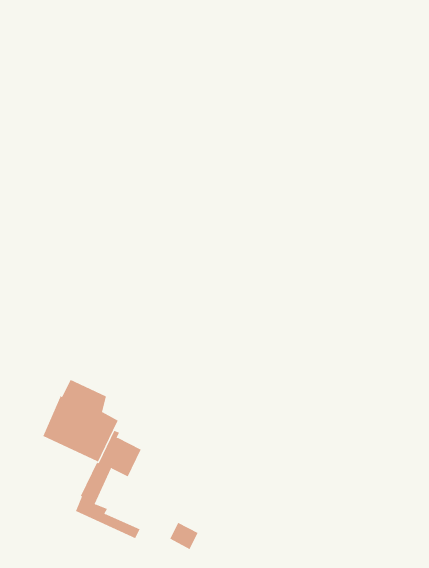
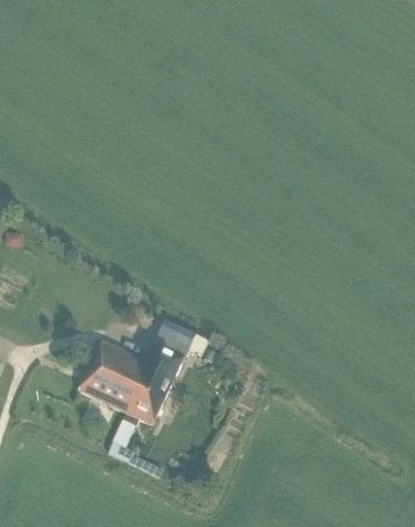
building: none -> [130,320,195,401]

